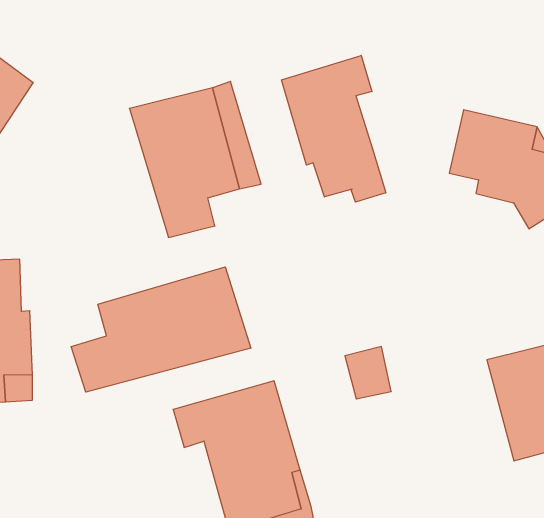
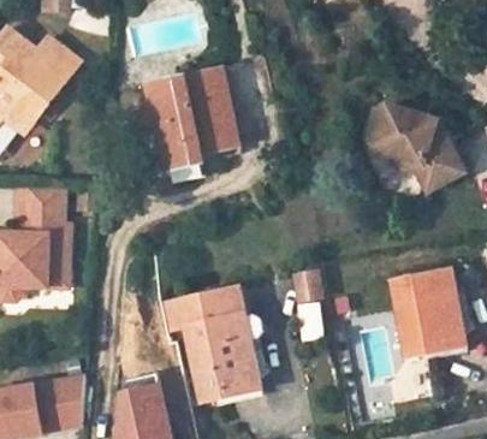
building: [281,55,386,202] -> none
building: [71,267,251,392] -> none

